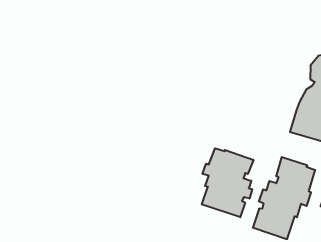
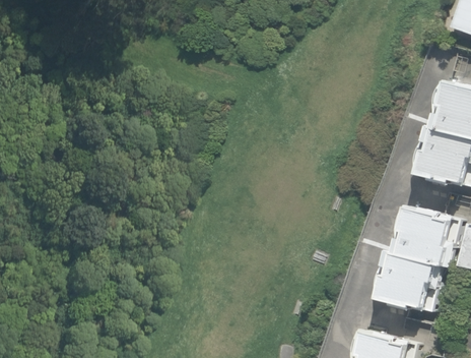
building: [202,148,253,217] -> none

